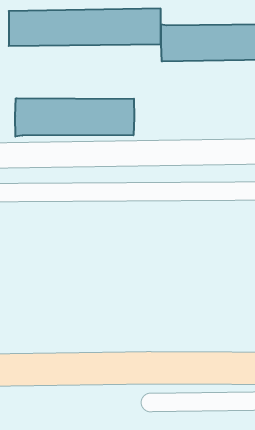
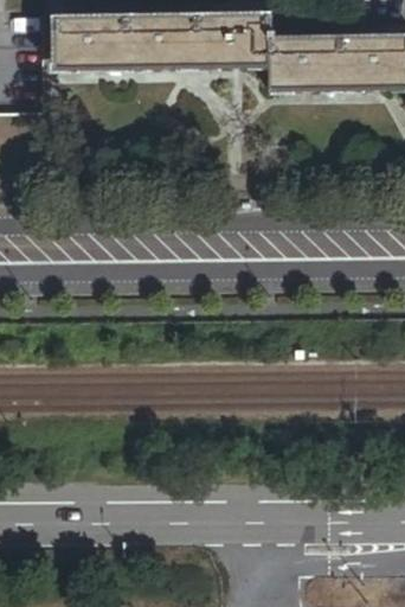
building: [15,98,134,137] -> none

